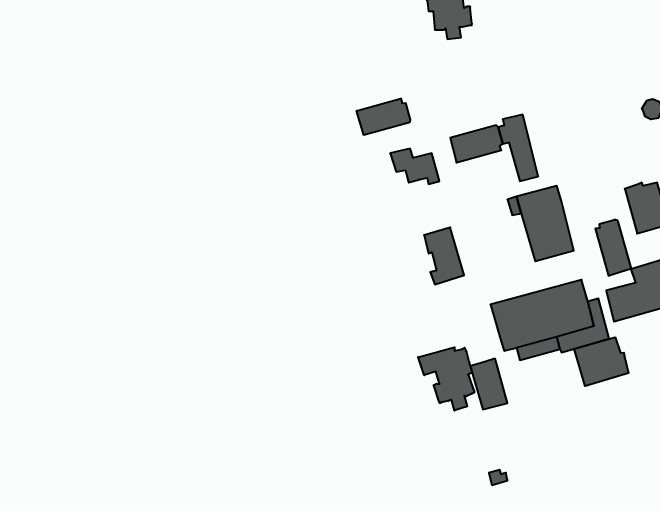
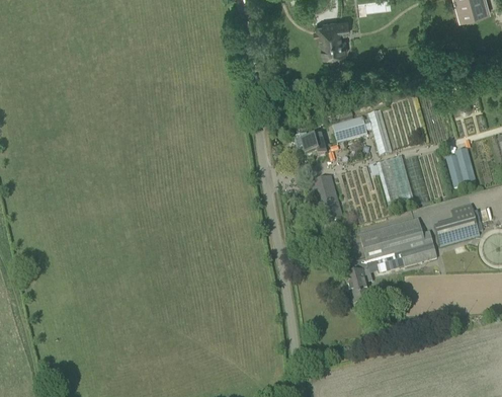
building: [357,98,410,135] -> none
building: [596,219,631,276] -> none
building: [574,337,629,386] -> none
building: [418,347,474,411] -> none

